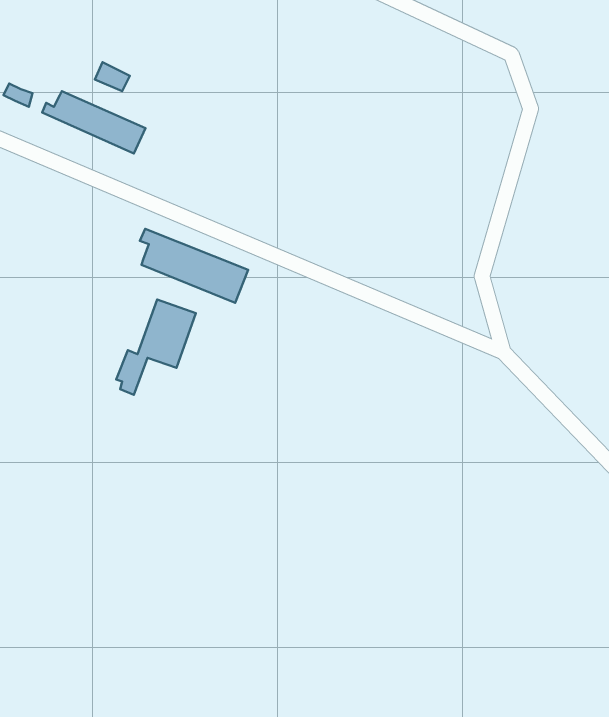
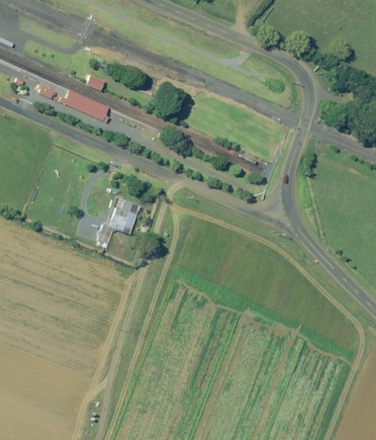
building: [140,229,248,303] -> none

